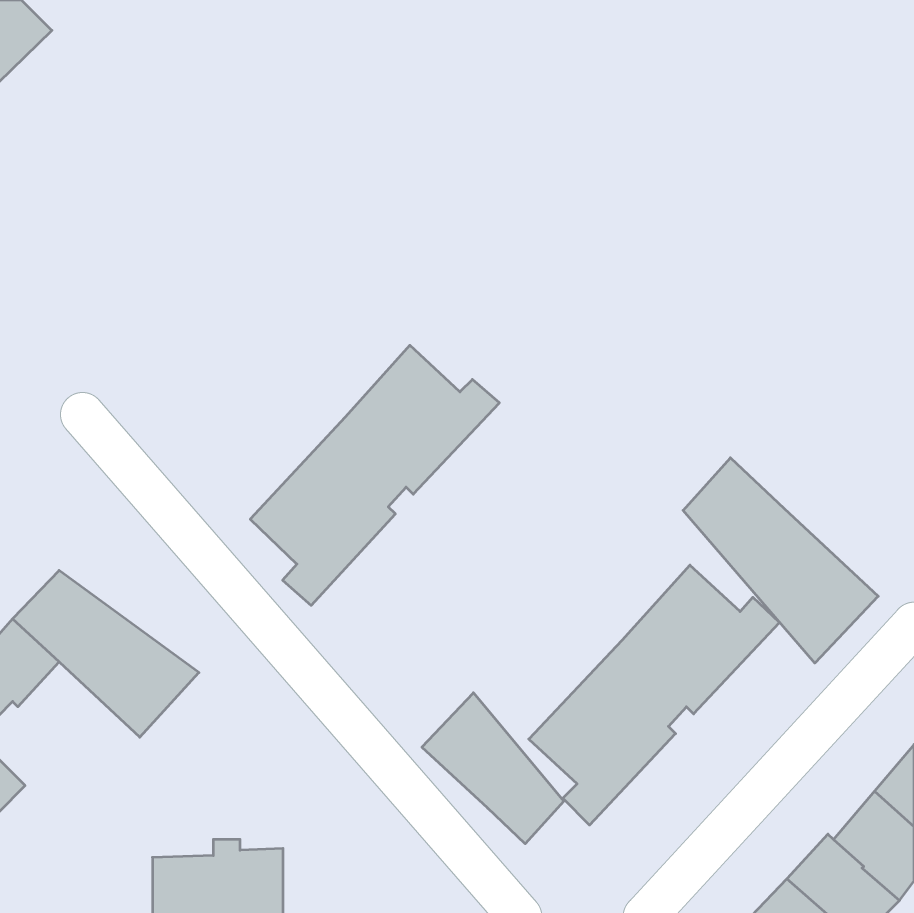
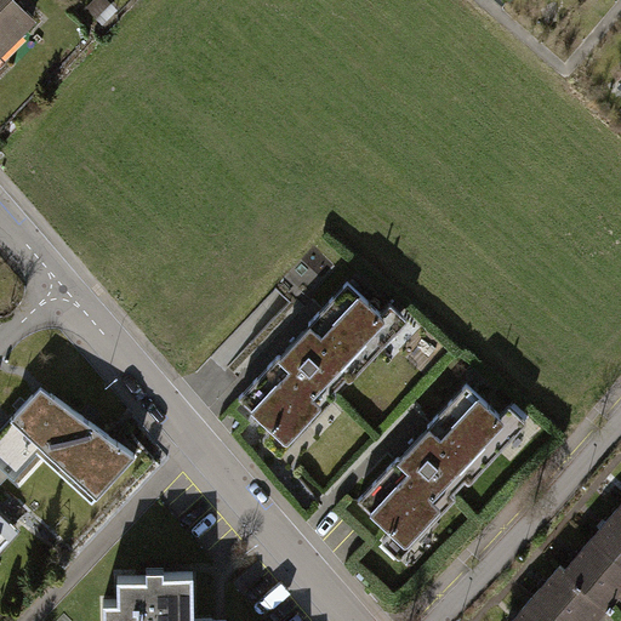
building: [250,345,499,605] -> [239,283,408,458]
building: [683,458,878,663] -> none
building: [422,693,564,844] -> none

